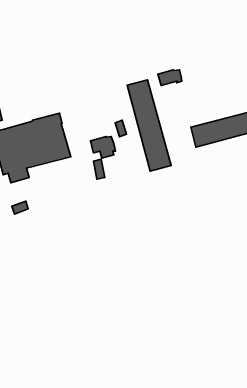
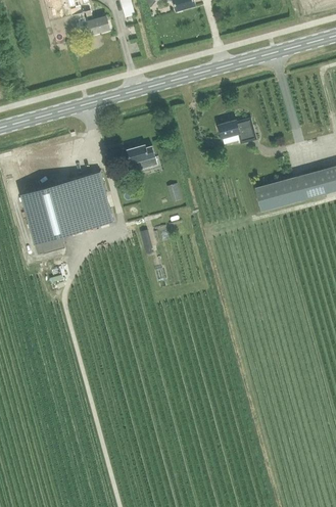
building: [127,80,171,171] -> none
building: [90,136,116,158] -> [127,145,156,171]

